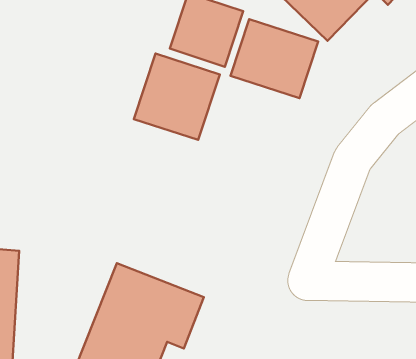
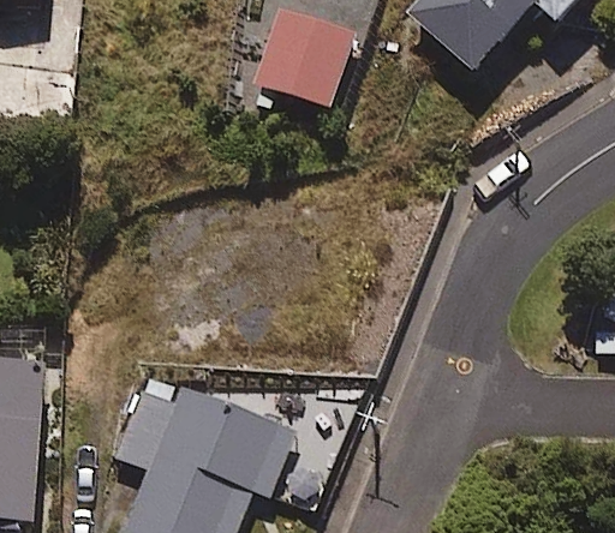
building: [231,19,318,98] -> none
building: [134,54,220,140] -> none

